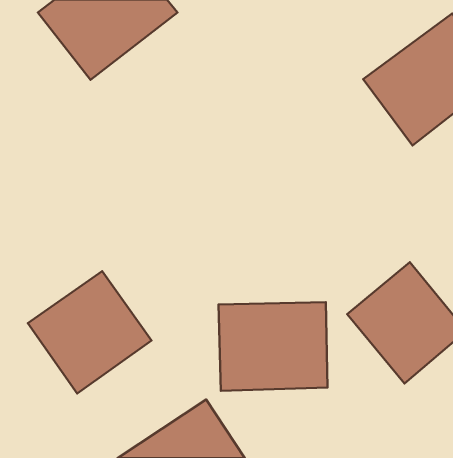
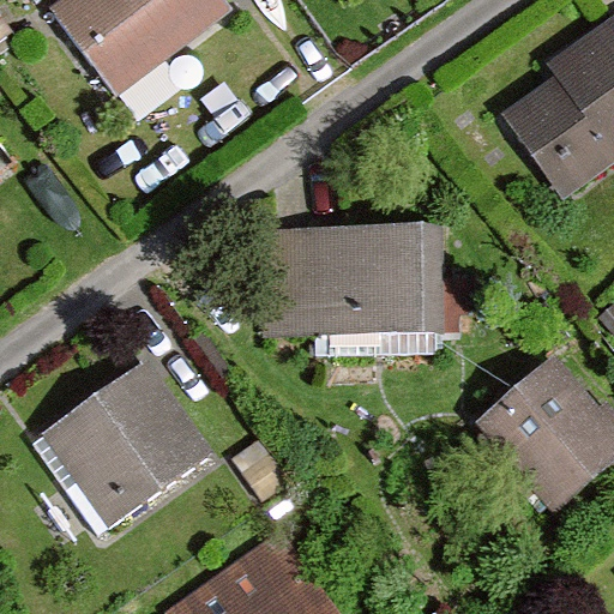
building: none -> [275,225,446,335]
building: [218,302,327,391] -> none

